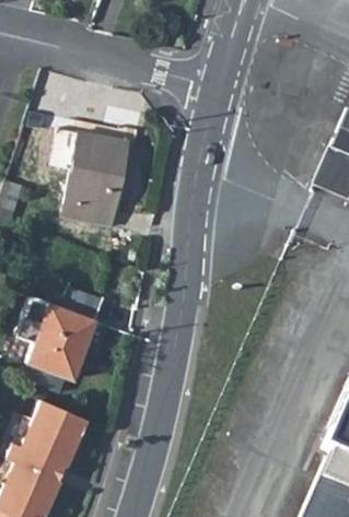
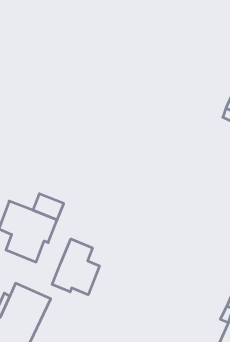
building: [69,131,136,225] -> none
building: none -> [52,239,99,295]

